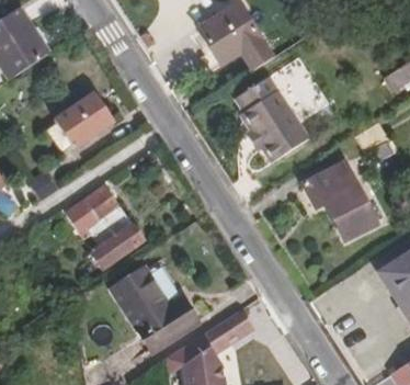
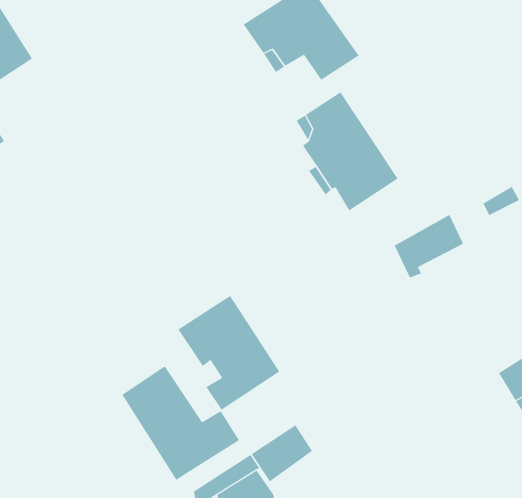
building: [56,93,113,147] -> none
building: [323,183,376,240] -> none
building: [70,184,143,265] -> [178,295,280,410]

